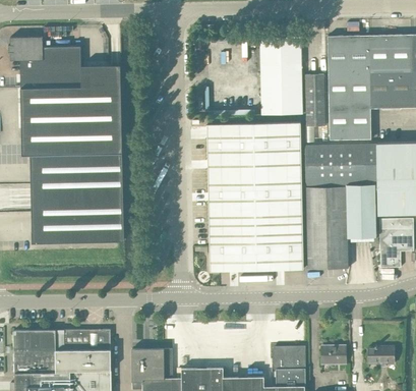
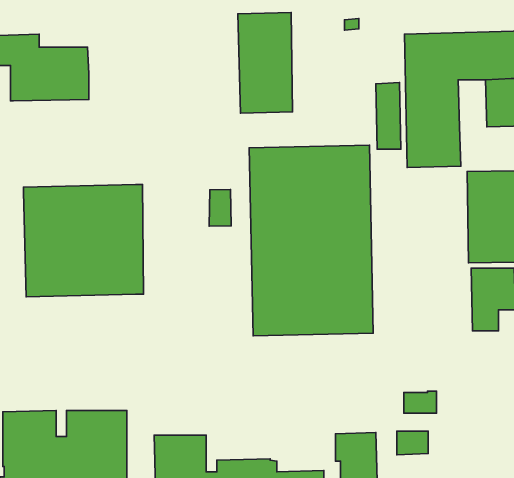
building: [259,36,302,114] -> [238,12,293,113]
building: [22,66,118,153] -> none
building: [369,71,392,108] -> none
building: [305,143,377,269] -> none
building: none -> [209,189,231,226]
building: [368,346,394,364] -> [404,391,437,413]

